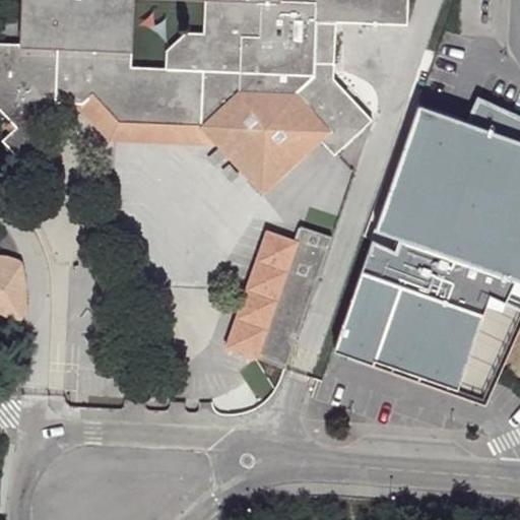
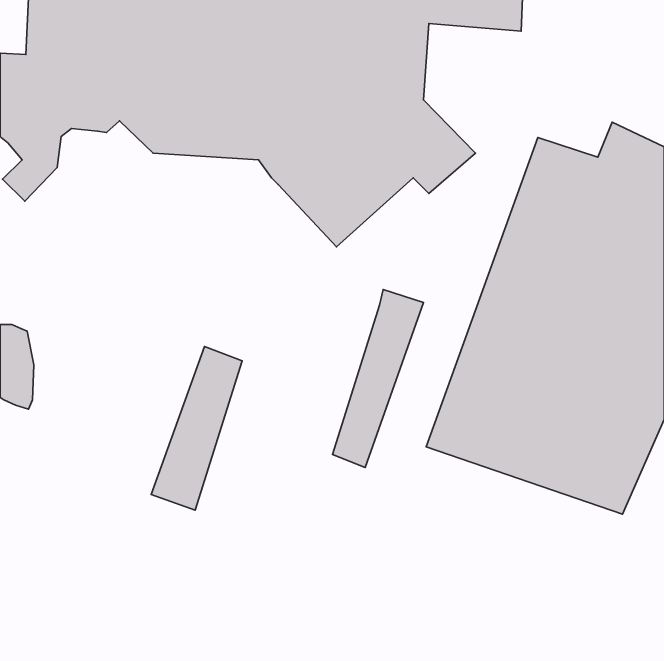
building: [76,94,217,144] -> none
building: [225,228,297,355] -> [151,346,242,510]

